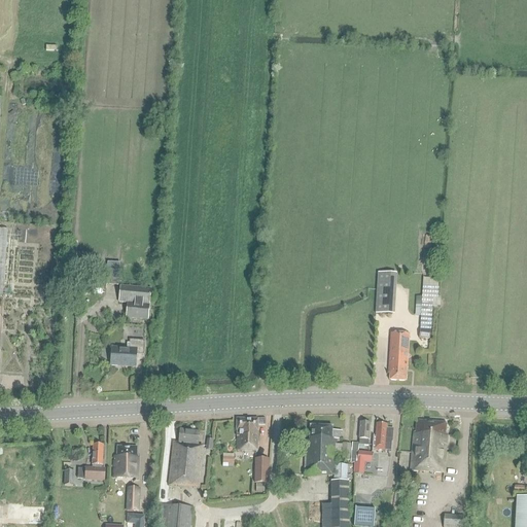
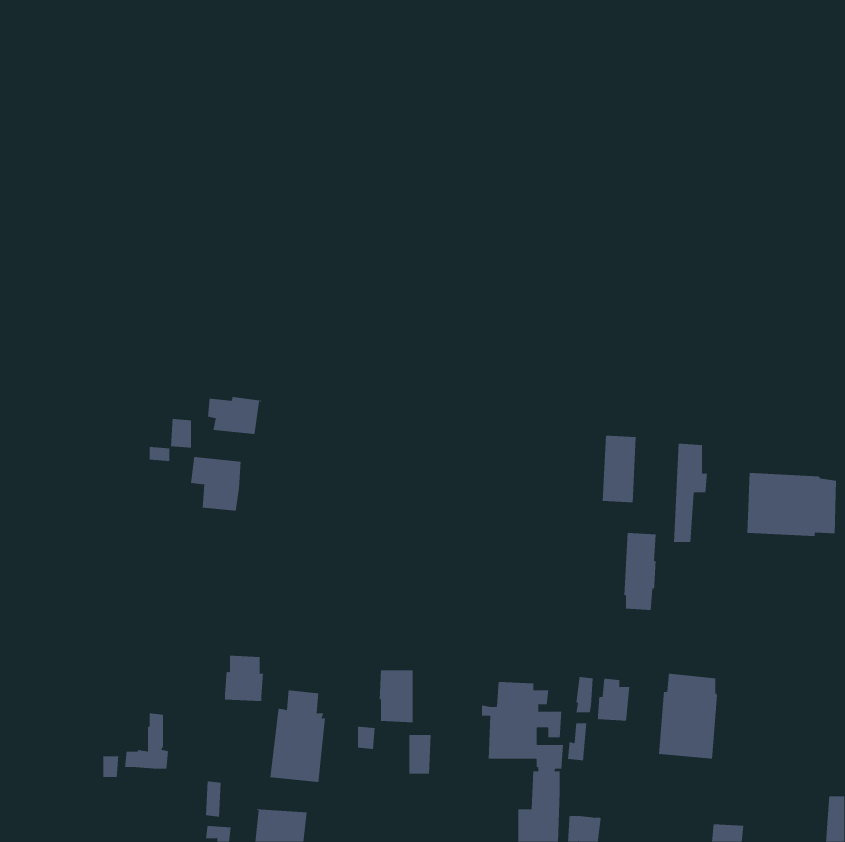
building: none -> [207,396,262,435]
building: none -> [747,472,837,537]
building: [110,339,144,365] -> none
building: [113,445,138,473] -> [224,655,264,701]

